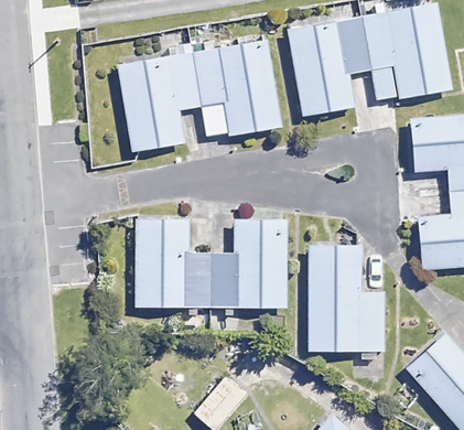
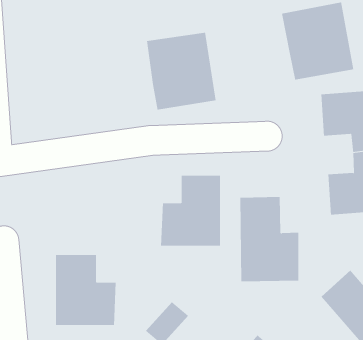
building: [289,18,370,116] -> none
building: [119,52,201,151] -> none
building: [137,218,213,307] -> [55,255,116,326]

